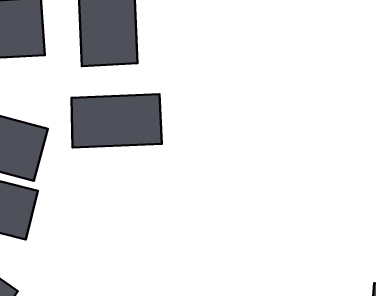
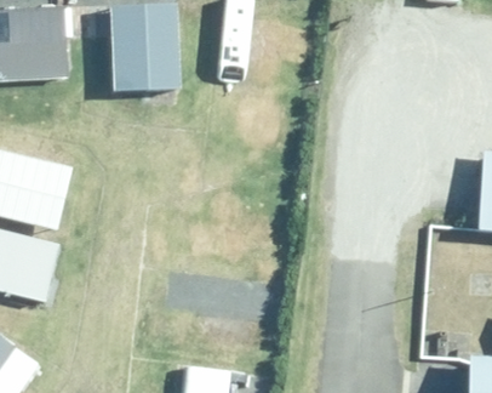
building: [71,94,162,148] -> none

